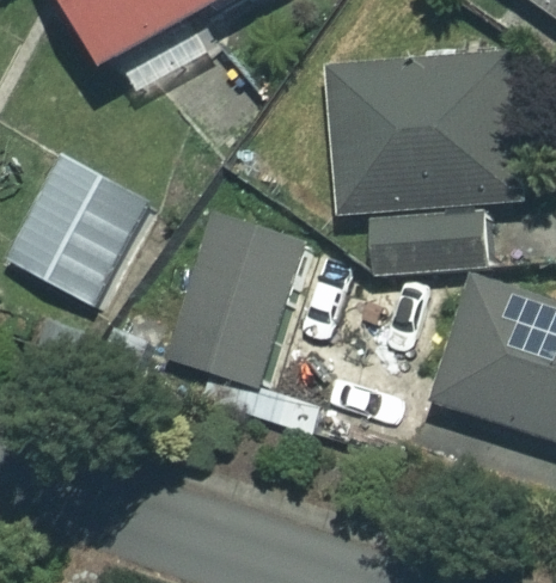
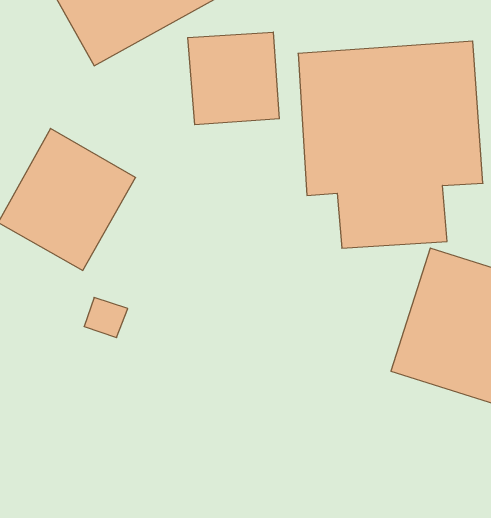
building: none -> [188,32,279,125]
building: [159,209,308,389] -> none

